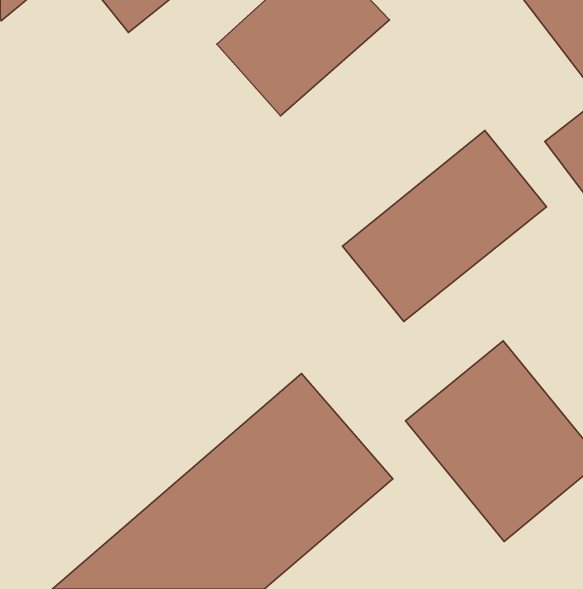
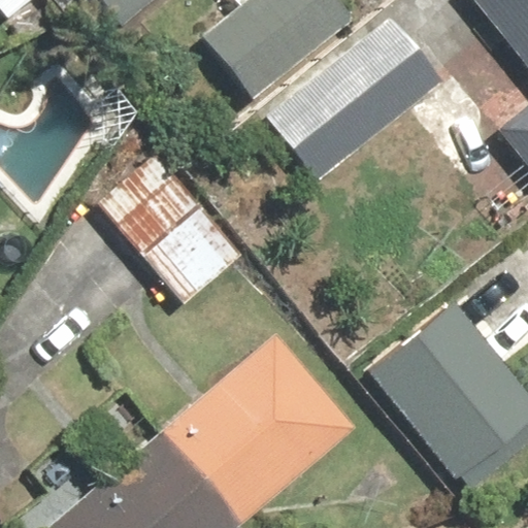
building: [342,130,546,322] -> [264,13,446,184]
building: none -> [92,147,245,305]

